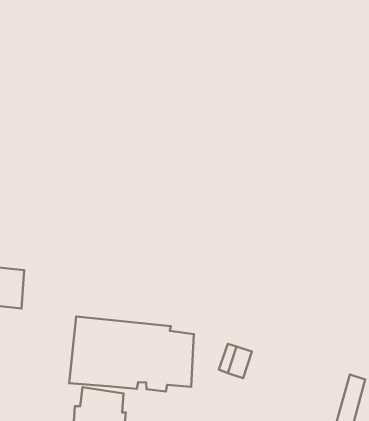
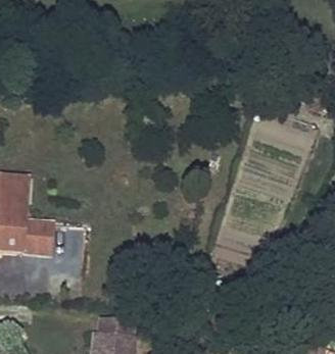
building: [69,316,194,391] -> none

